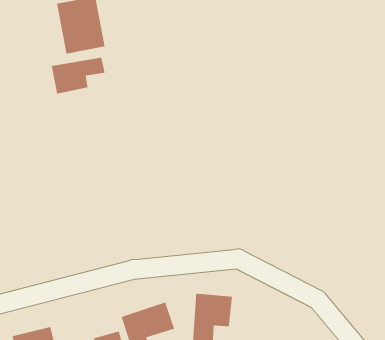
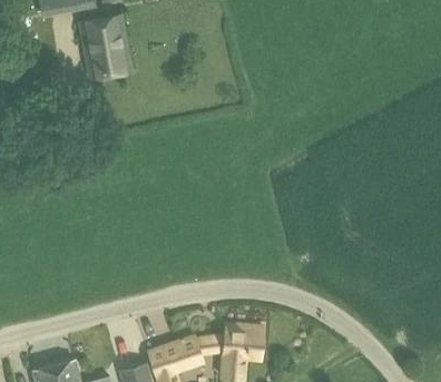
building: [51,57,105,94] -> none

